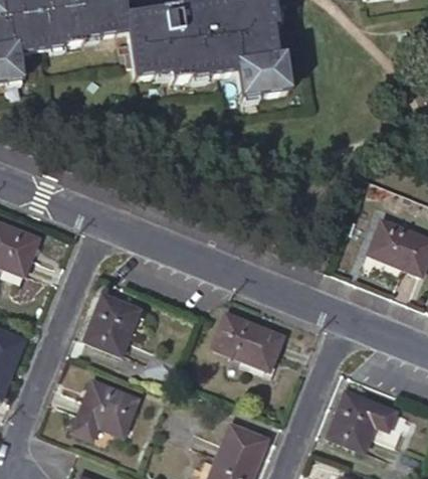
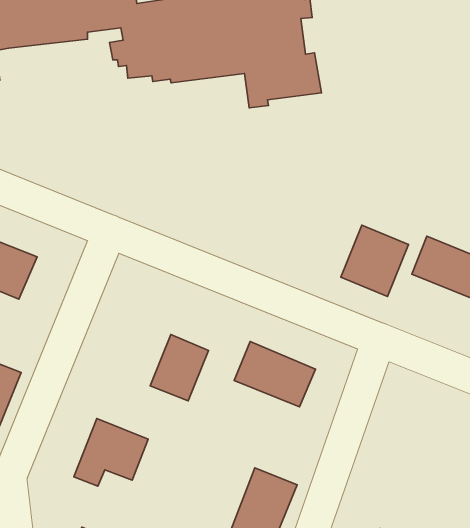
building: none -> [341,225,409,297]
building: [85,294,137,352] -> [150,334,209,401]
building: [329,391,397,451] -> none

